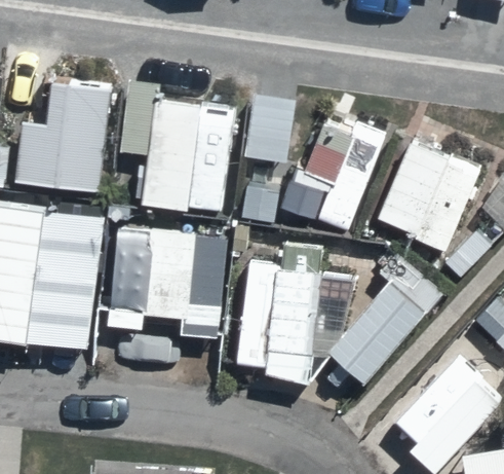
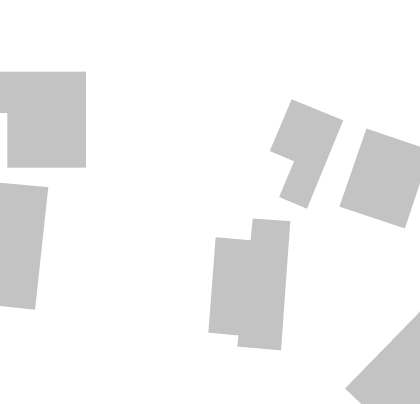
building: [147,98,230,209] -> none
building: [112,229,229,338] -> none
building: [328,254,442,384] -> none

